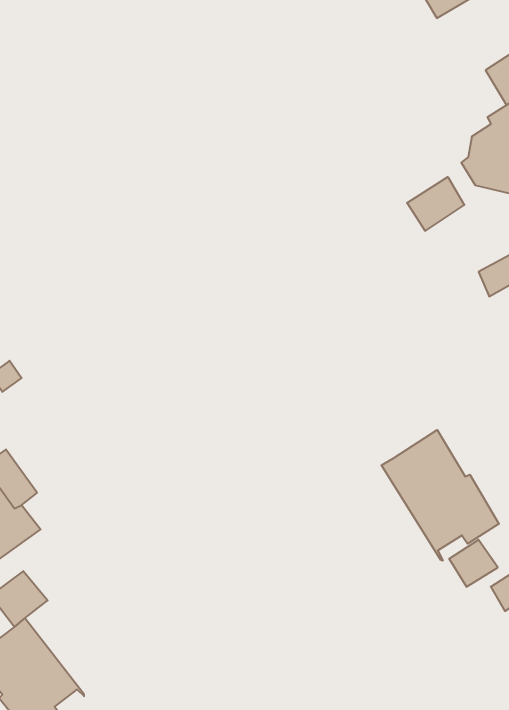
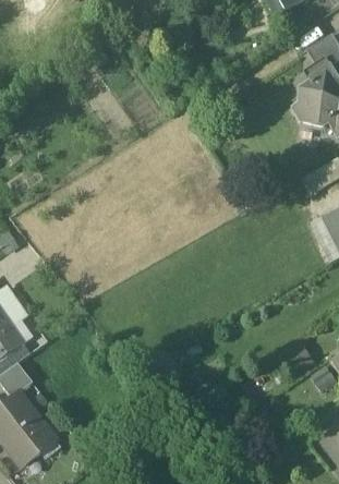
building: [407,177,464,231] -> none
building: [382,430,499,561] -> none

